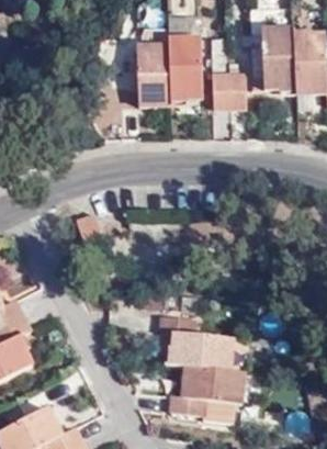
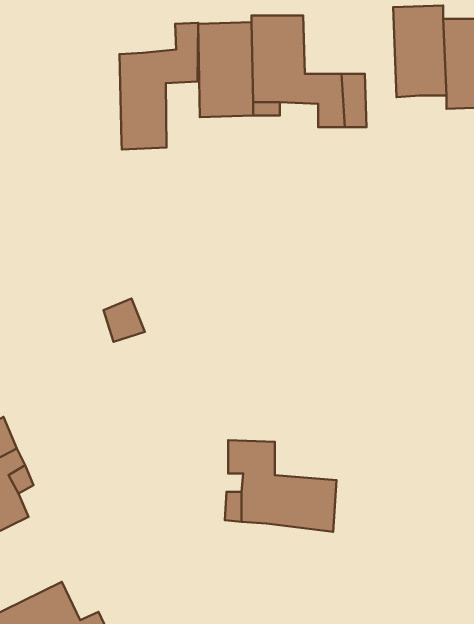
building: none -> [120,23,198,149]
building: [169,368,240,416] -> none

